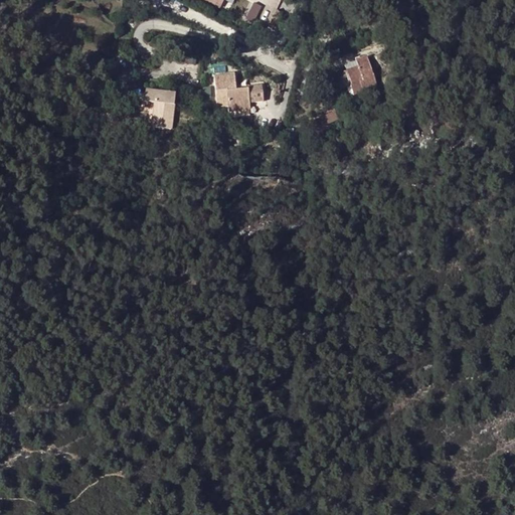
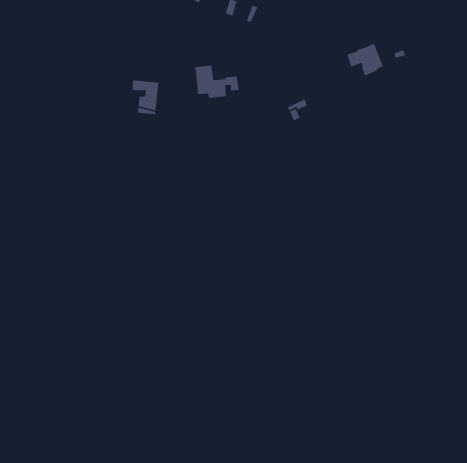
building: [335,56,376,94] -> [346,43,384,77]

